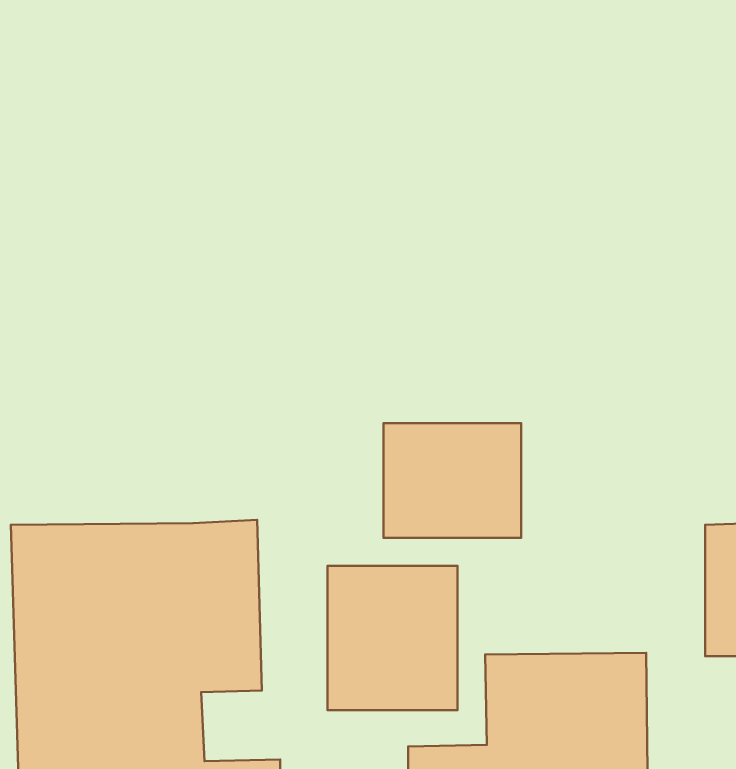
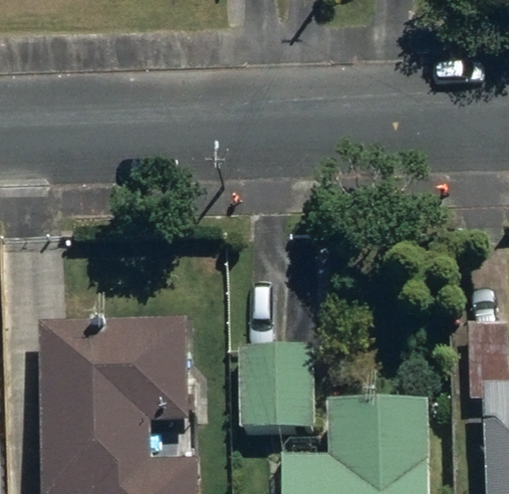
building: [384,423,521,538] -> none

